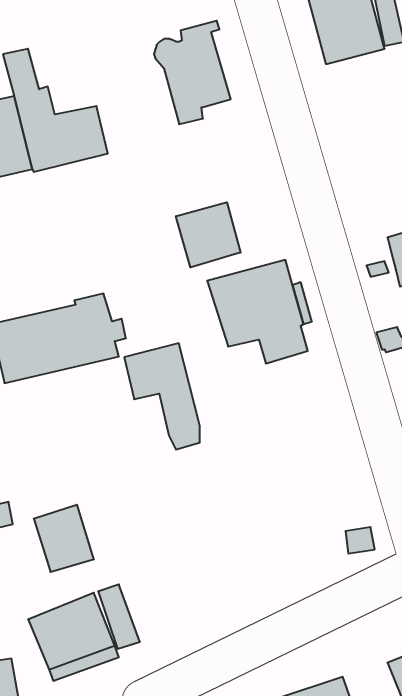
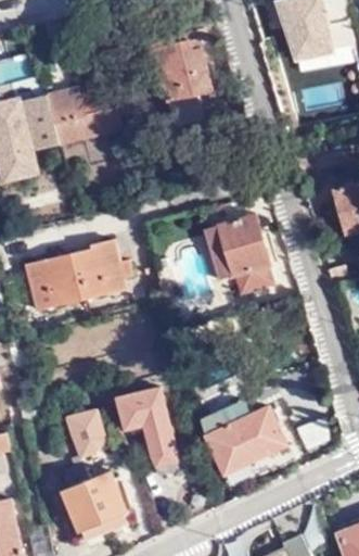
building: [176,202,241,267] -> none
building: [124,343,200,450] -> [116,387,175,469]
building: none -> [201,403,285,475]

